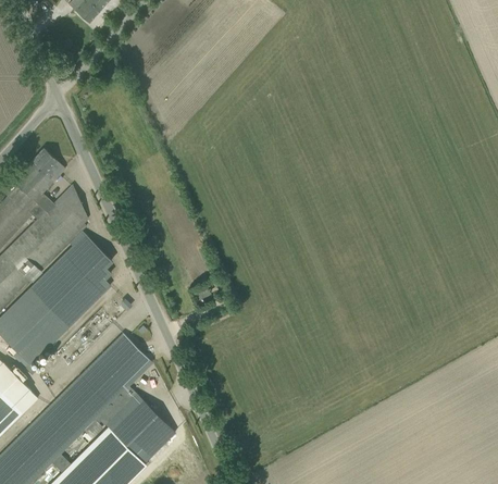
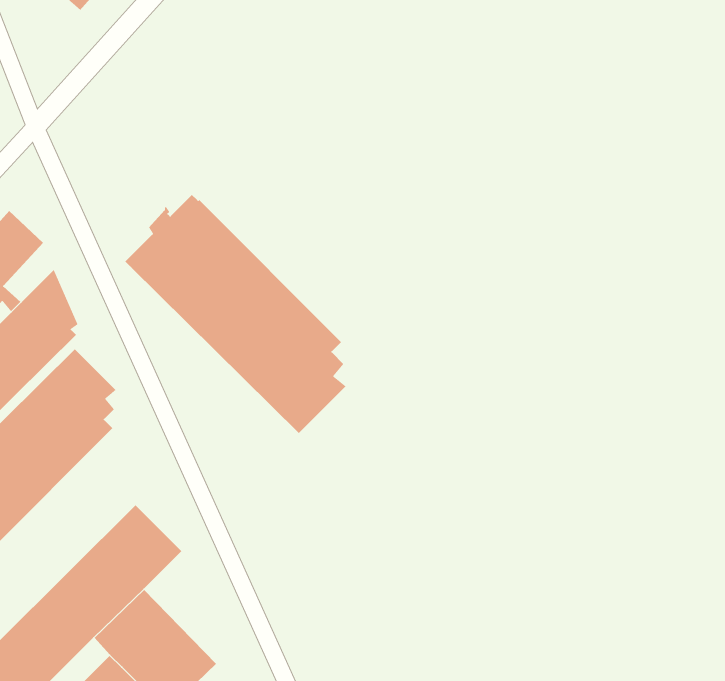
building: none -> [125,194,346,434]

